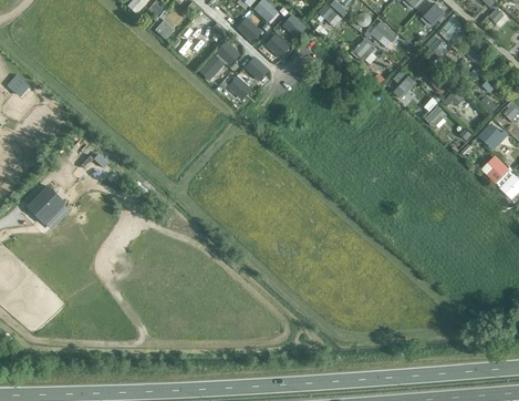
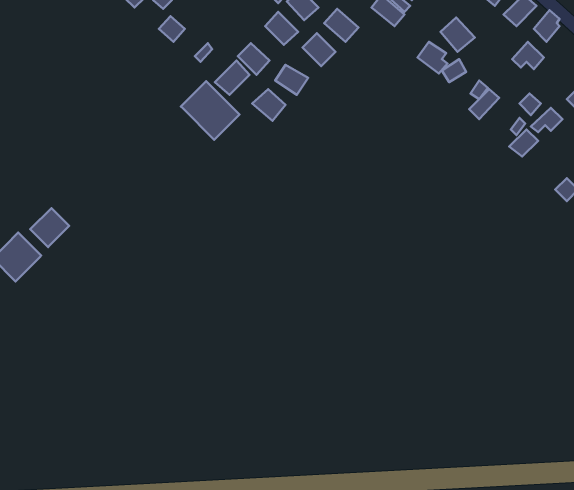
building: none -> [181,81,239,140]
building: none -> [30,208,69,247]

